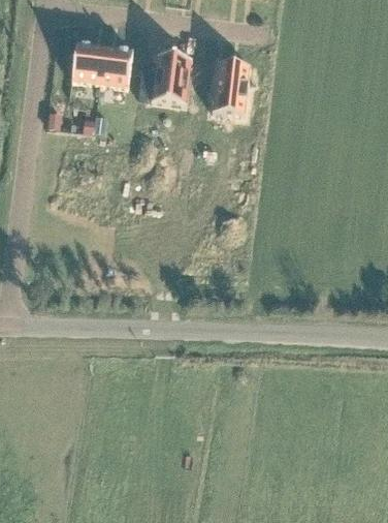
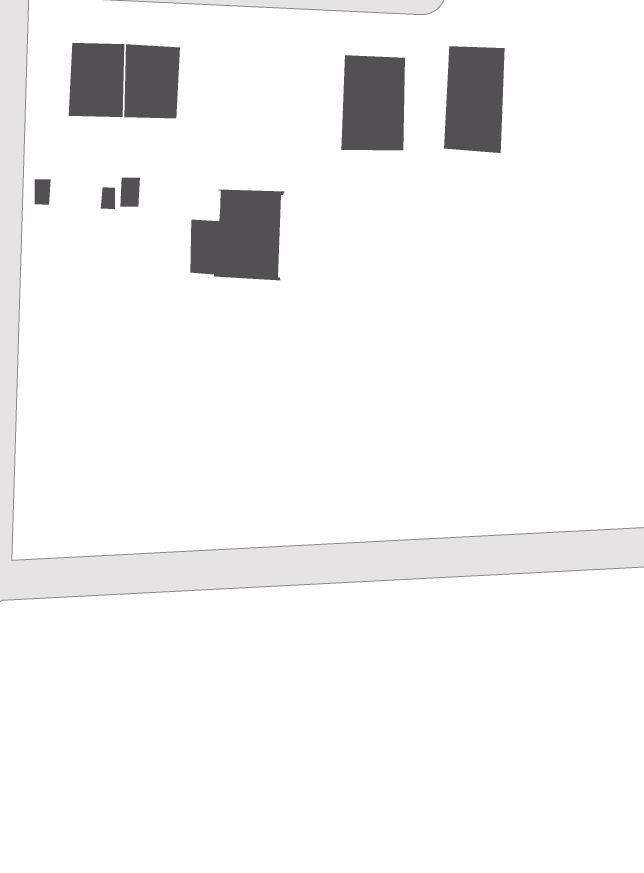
building: [138,54,192,104] -> [189,189,285,281]
building: none -> [443,46,505,154]

